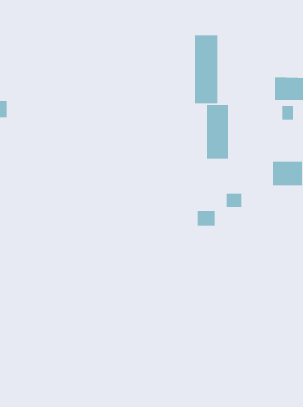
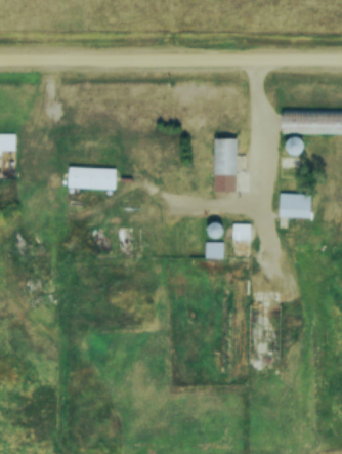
building: [194,34,218,104] -> none
building: none -> [68,168,115,189]

